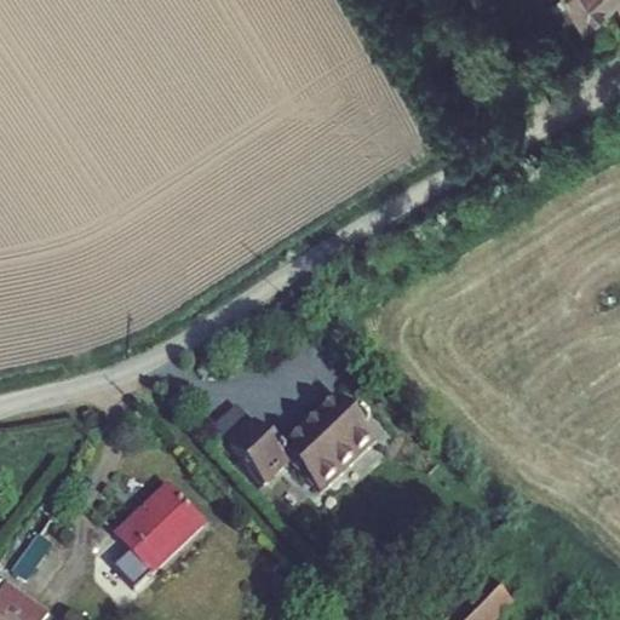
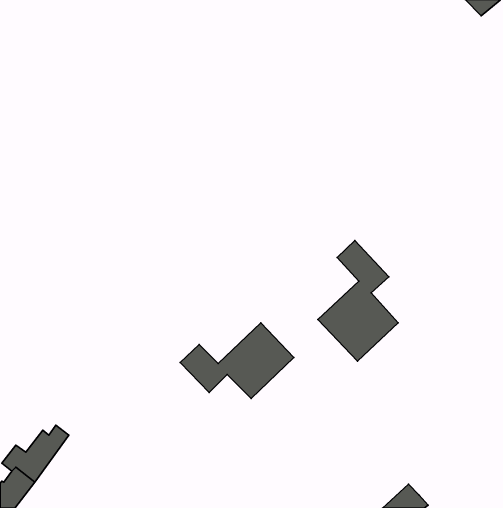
building: none -> [318,241,398,361]
building: [122,488,203,572] -> none

